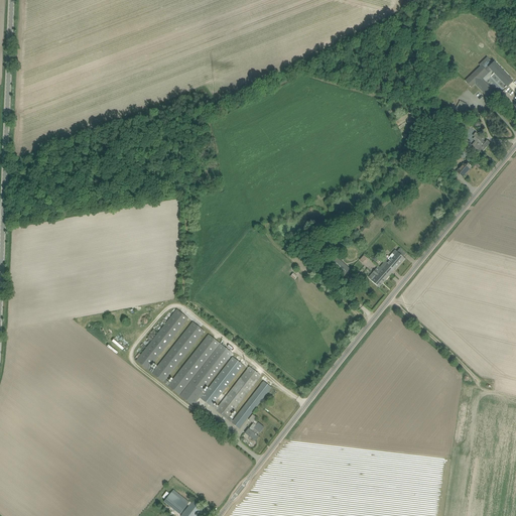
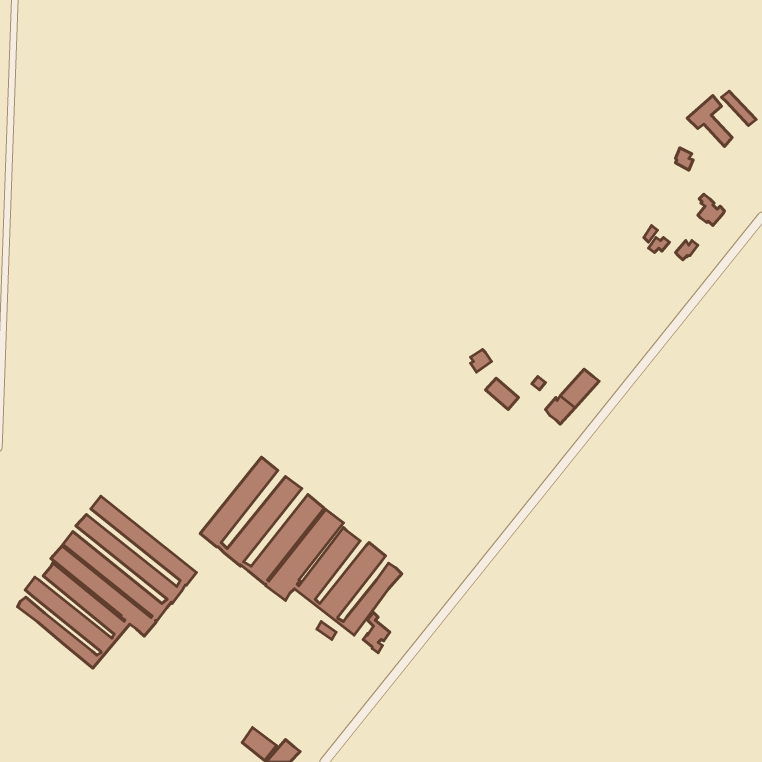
building: none -> [17,496,196,668]

